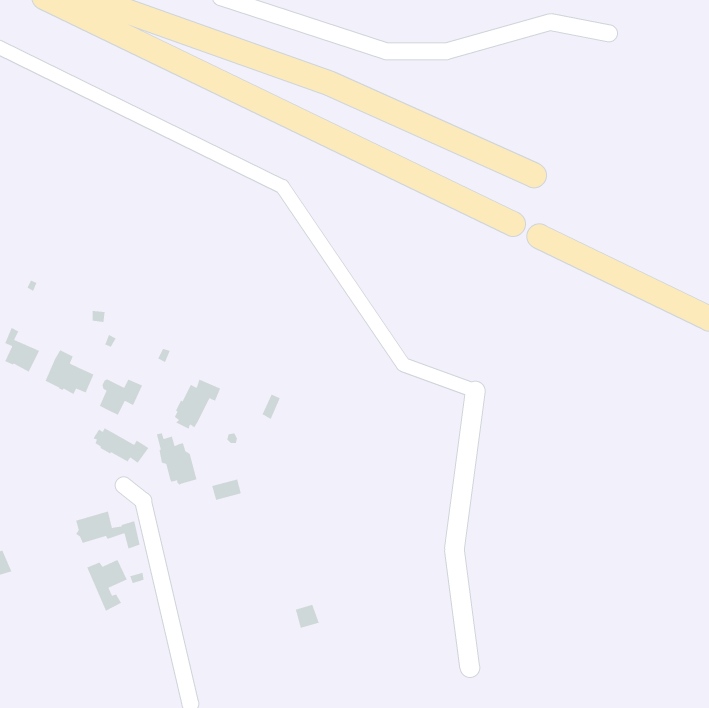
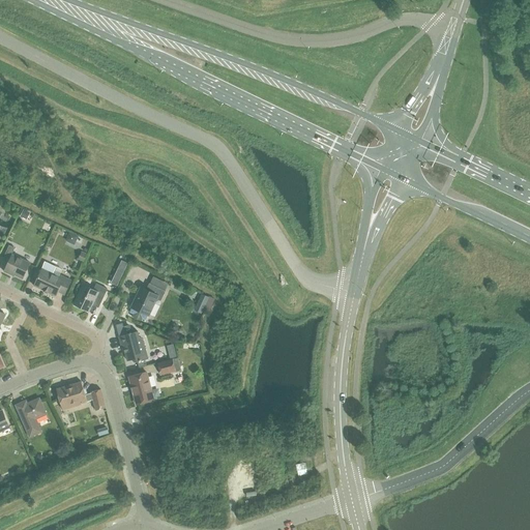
building: [92,427,150,464] -> none
building: none -> [128,371,153,403]
building: [86,559,128,612] -> [14,396,46,436]

